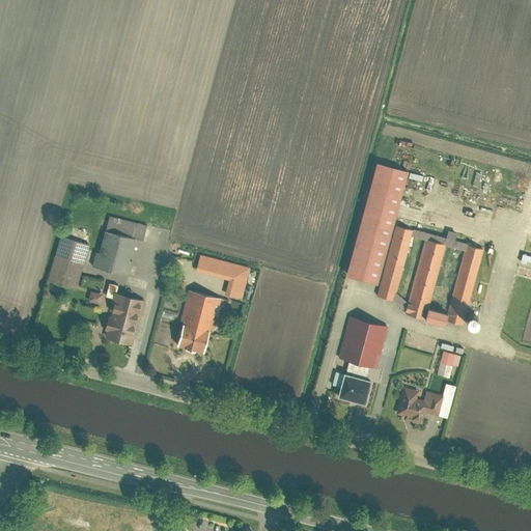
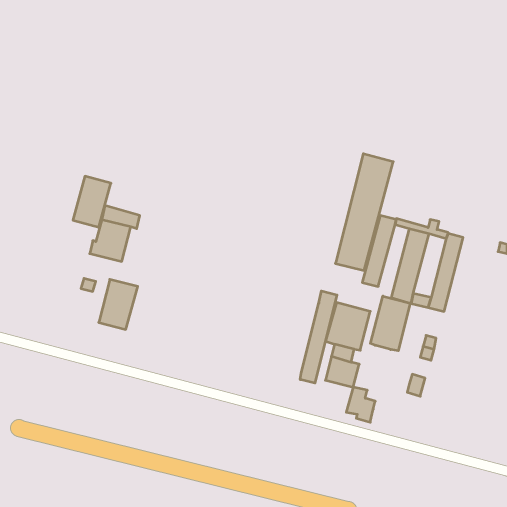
building: [48,236,87,289] -> [73,176,111,227]
building: [196,255,249,300] -> none
building: [175,291,220,354] -> none
building: none -> [300,291,337,383]
building: none -> [370,296,410,351]
building: [395,388,425,424] -> [346,387,375,422]

